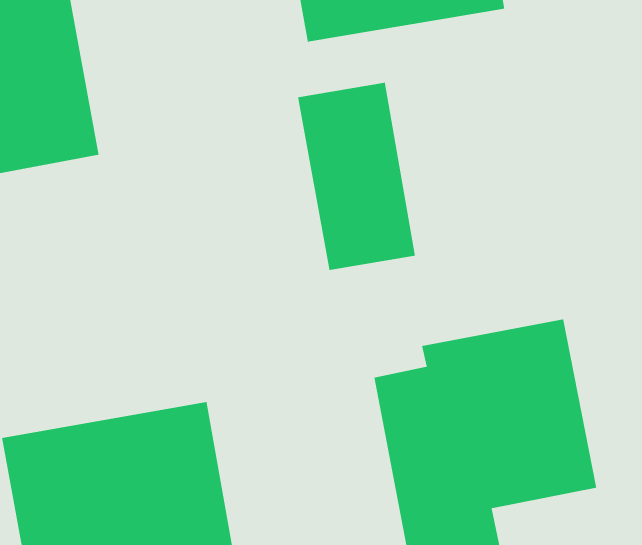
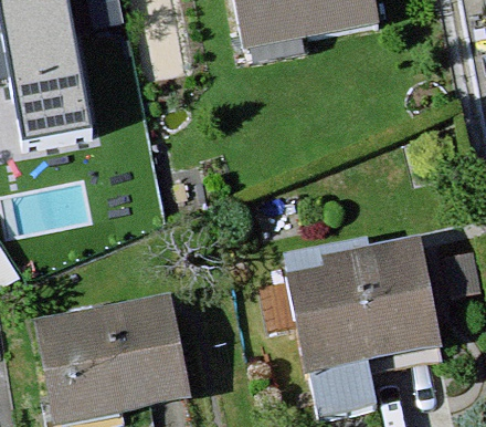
building: [297,82,416,271] -> none

